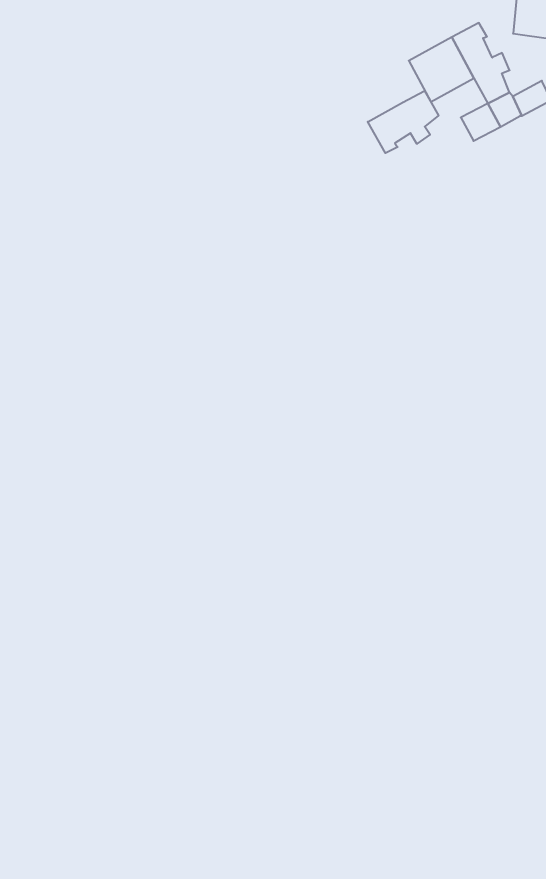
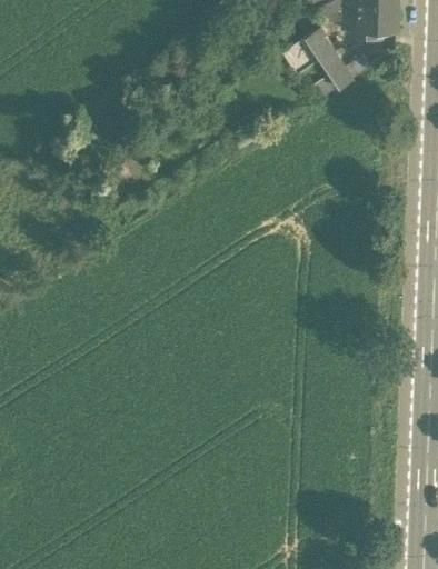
building: [368,91,439,153] -> none

